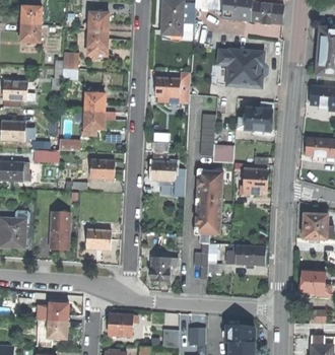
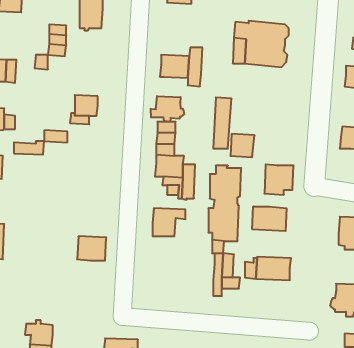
building: [84,92,105,112] -> none
building: [244,106,273,134] -> none
building: none -> [151,96,184,122]
building: [89,158,114,179] -> none
building: none -> [252,206,287,231]
building: [50,211,70,248] -> none
building: [150,257,178,280] -> [153,208,185,236]

